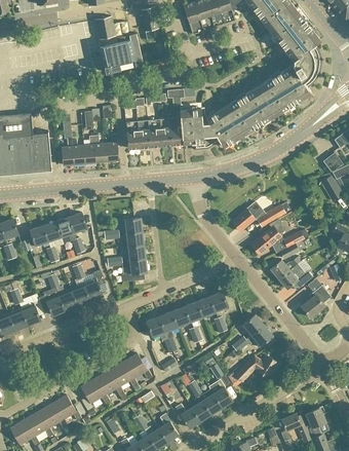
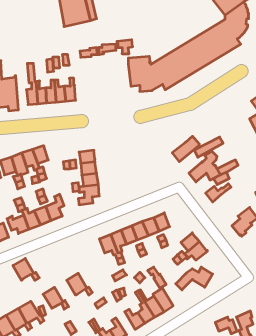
building: [124,118,183,149] -> none
building: [278,264,313,291] -> none
building: [121,354,152,380] -> none
building: [93,371,124,397] -> [13,258,39,280]

